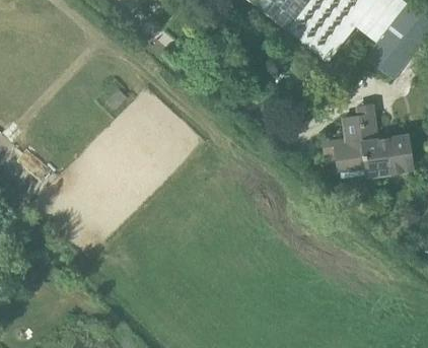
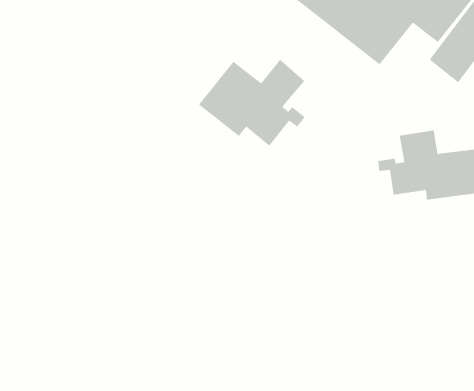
building: none -> [198,59,305,146]

